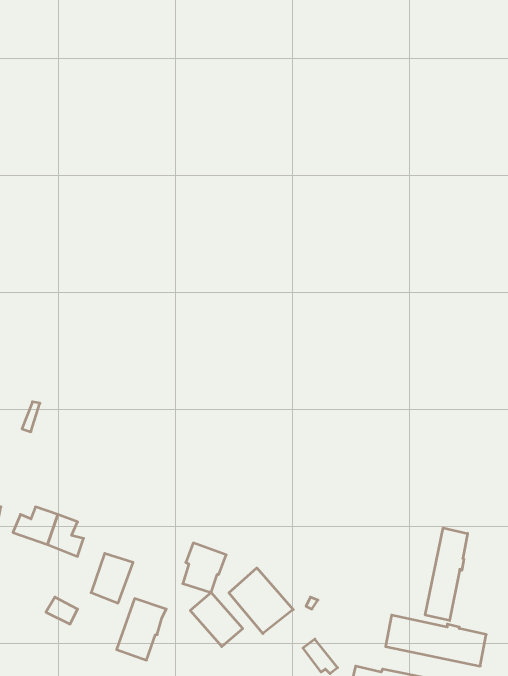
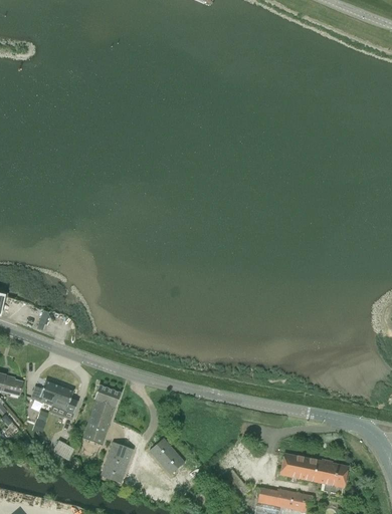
building: [425,528,468,621] -> none
building: [183,543,226,593] -> [92,384,122,418]
building: [229,568,293,634] -> none

